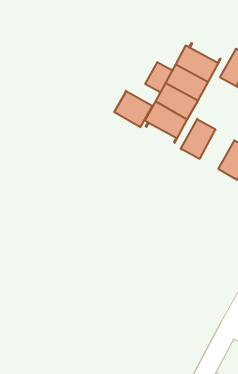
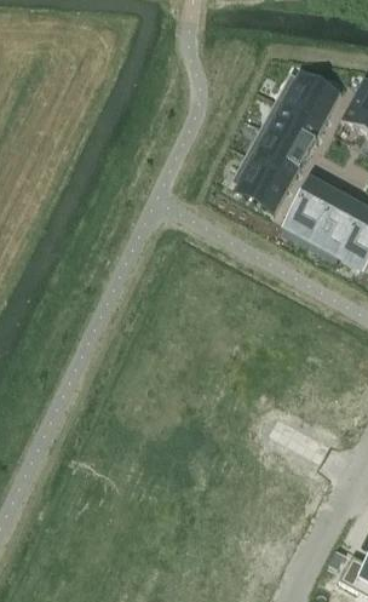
building: [145,62,173,93] -> none
building: [114,91,153,127] -> none
building: none -> [311,194,361,251]

